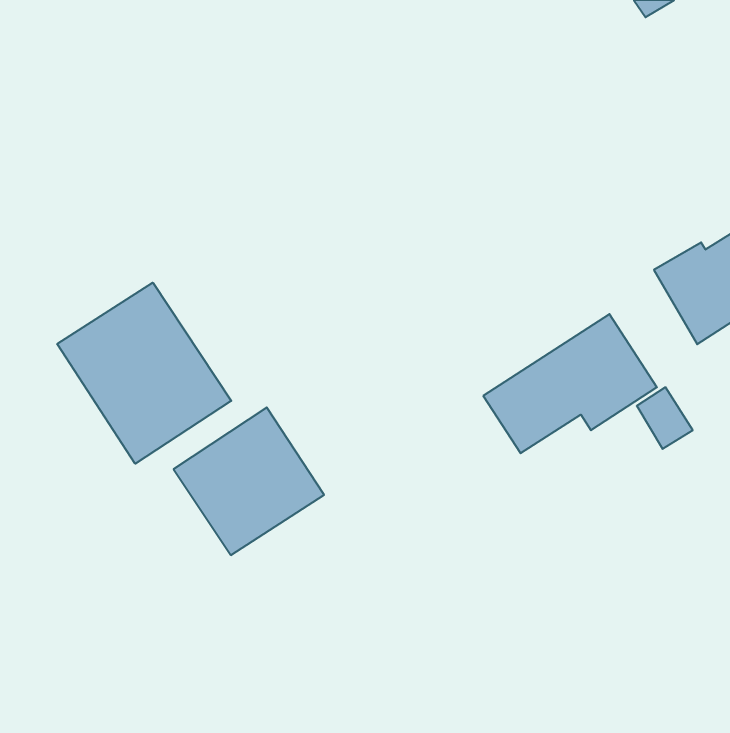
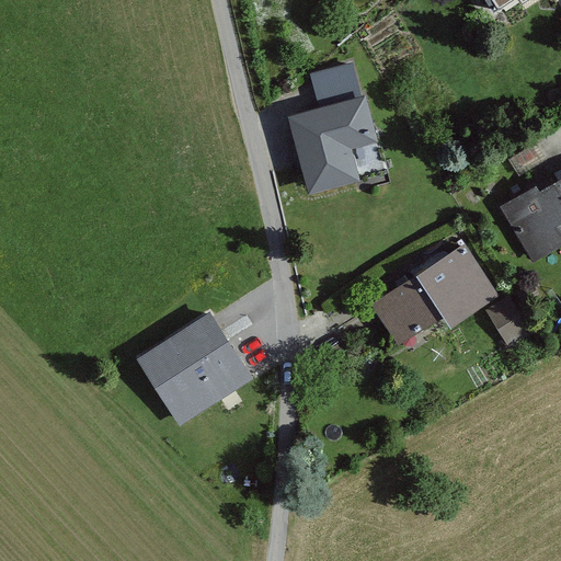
building: none -> [283,62,385,197]
building: [57,283,231,464] -> none

